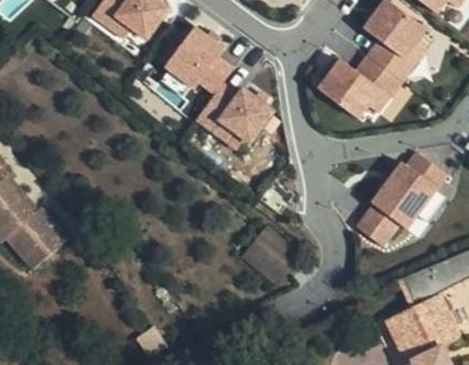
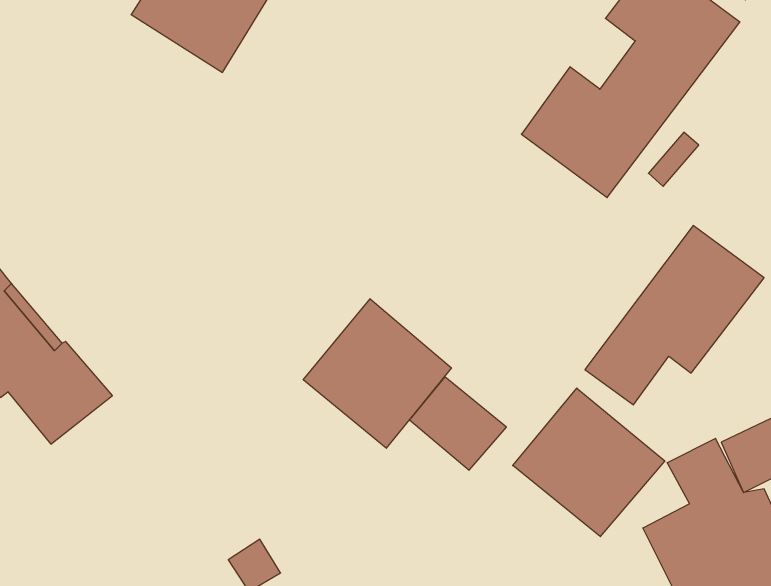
building: [166,24,275,155] -> none
building: none -> [303,299,451,448]
building: none -> [513,388,665,537]

